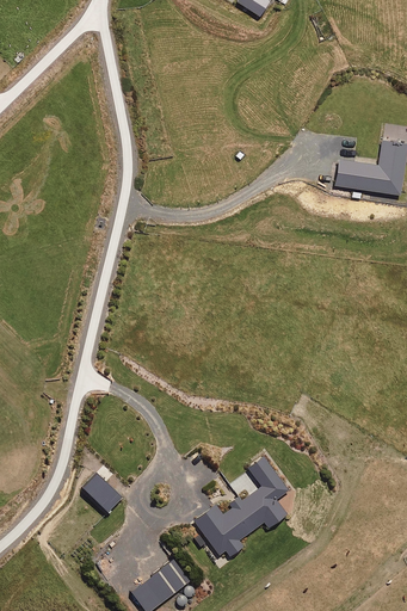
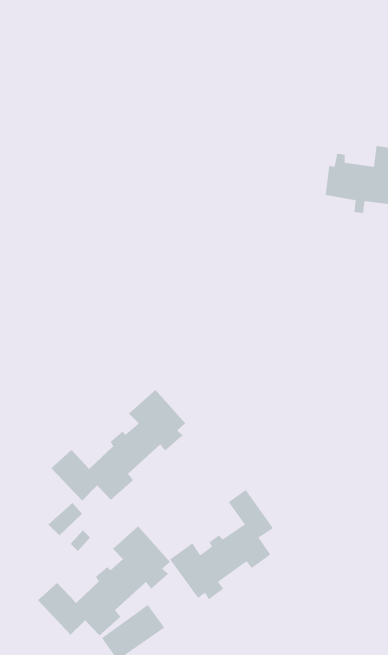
building: none -> [51,389,186,501]
building: none -> [37,526,171,636]

